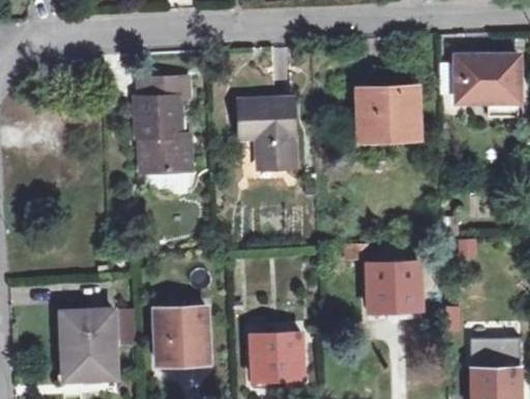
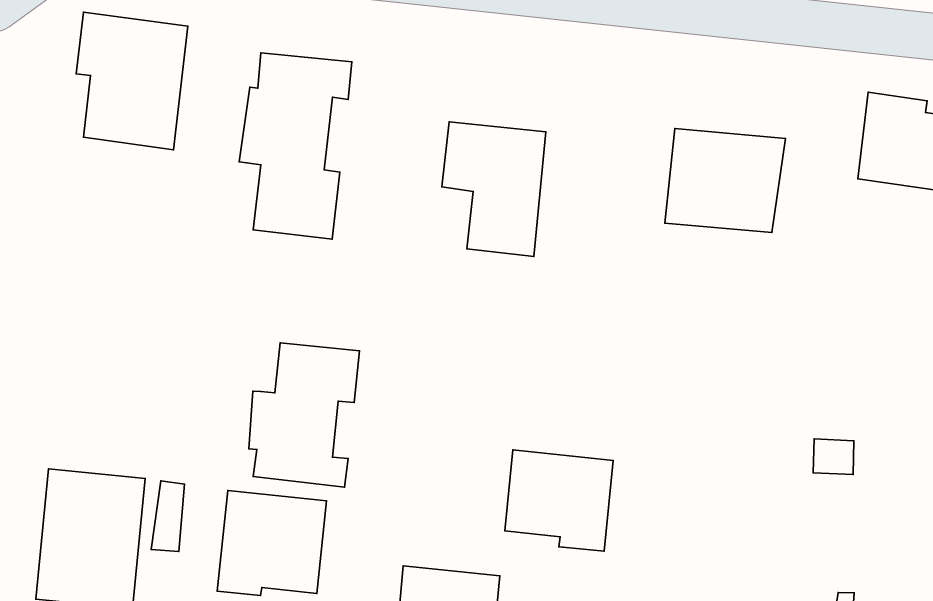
building: none -> [76,12,188,150]
building: none -> [249,343,359,487]
building: [366,260,421,309] -> [505,450,613,551]

